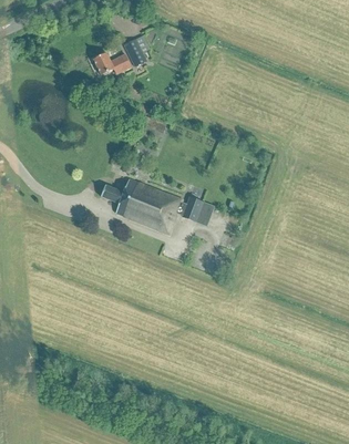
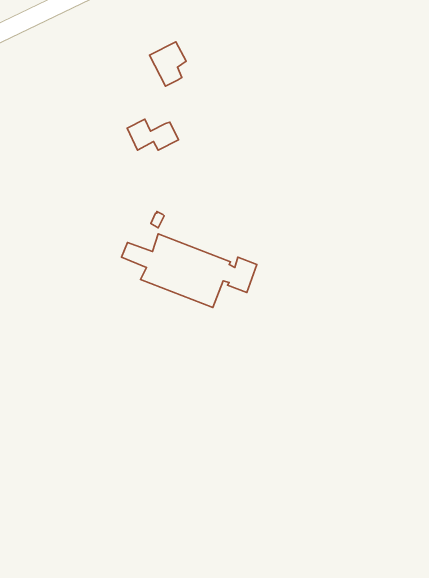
building: [93,51,132,74] -> [127,119,179,150]

